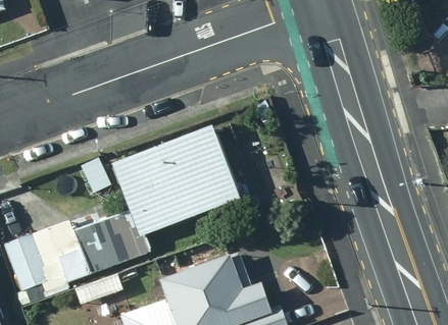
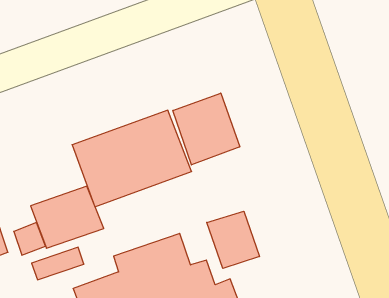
building: none -> [173,93,240,165]
building: none -> [207,211,259,268]

